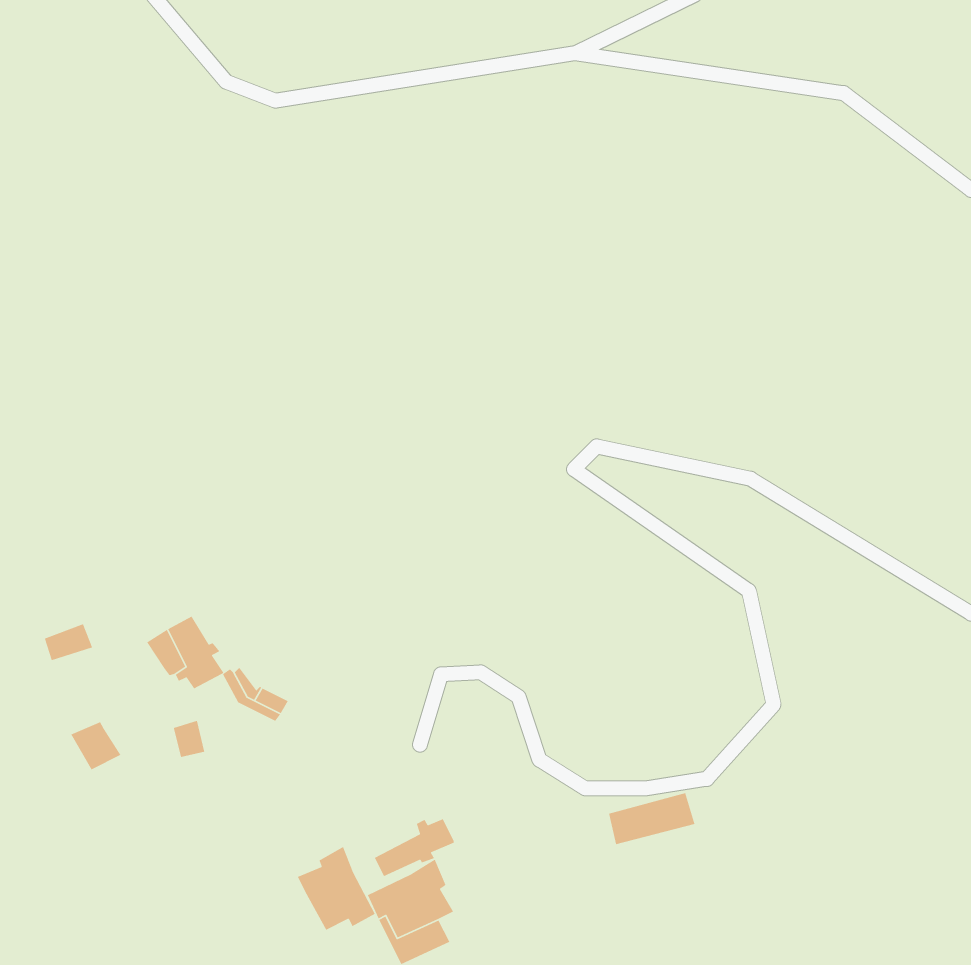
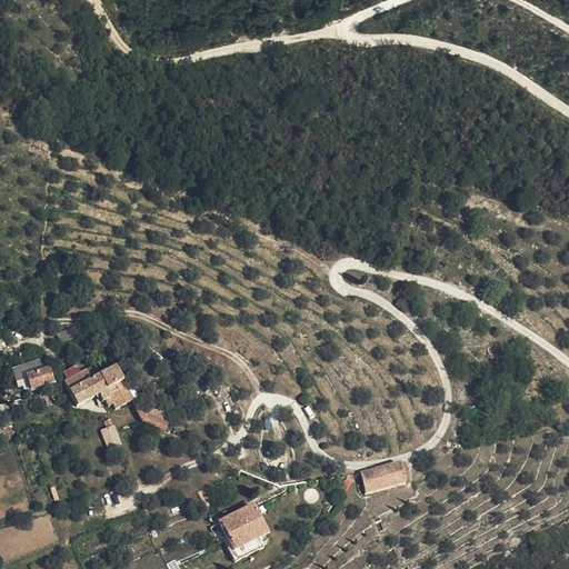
building: [70,721,121,770] -> [66,371,96,400]
building: [374,818,455,877] -> none
building: [297,846,376,931] -> none

